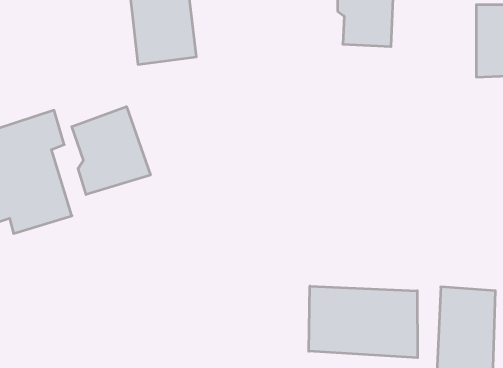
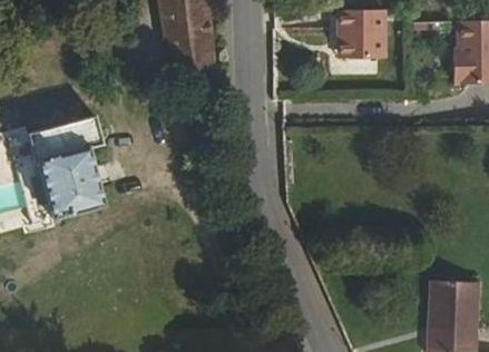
building: [72,107,150,195] -> none
building: [309,286,418,358] -> none

